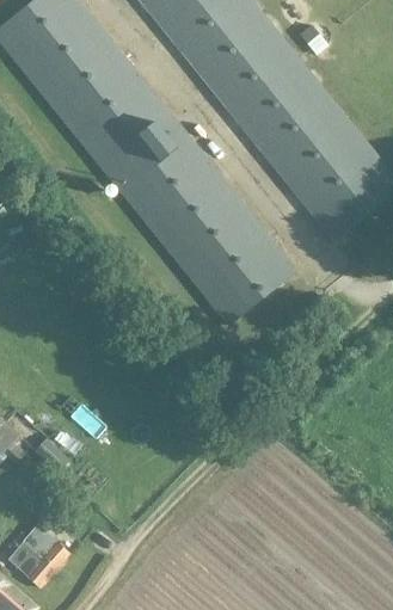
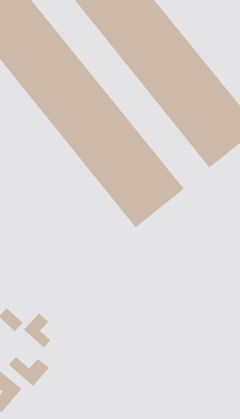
building: none -> [23,313,51,349]
building: none -> [8,356,50,387]

